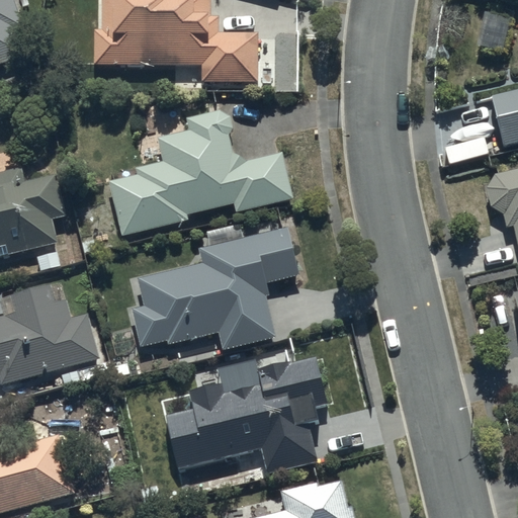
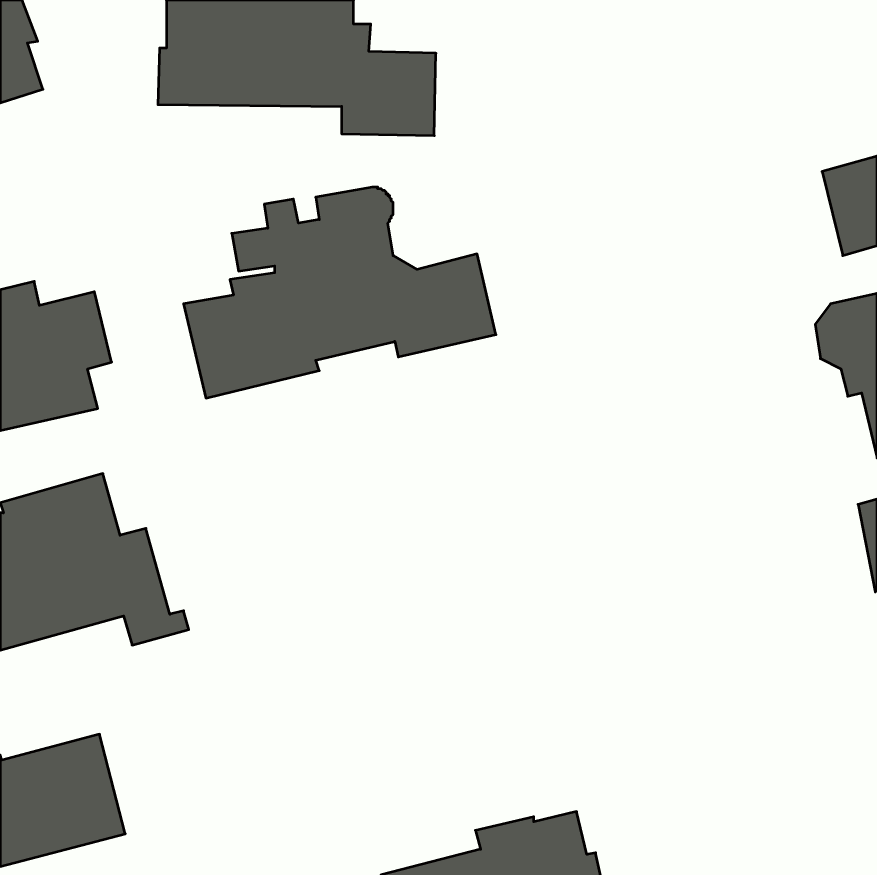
building: [132,220,298,349] -> none
building: [165,356,326,474] -> none

